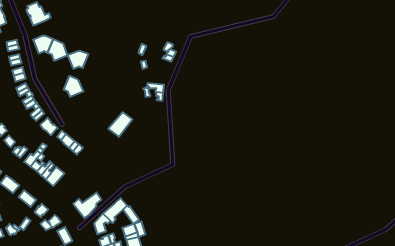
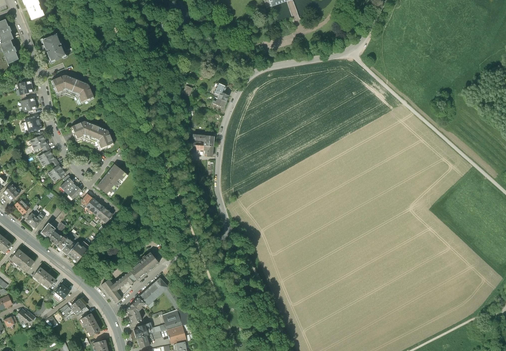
building: [68,51,88,69] -> [70,121,96,143]
building: [108,112,132,137] -> [96,164,126,195]
building: none -> [130,253,159,280]

